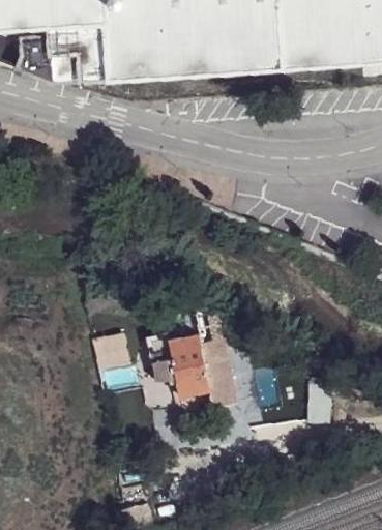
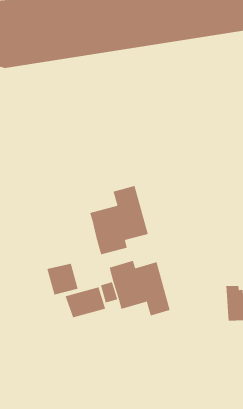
building: none -> [90,185,148,255]
building: none -> [65,286,106,318]

